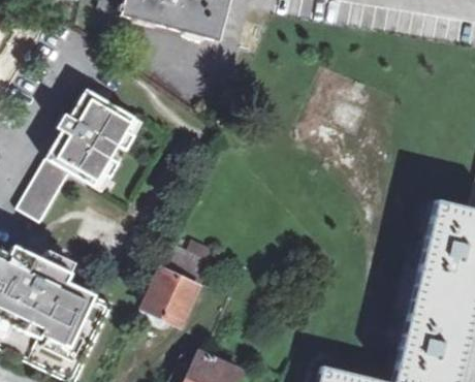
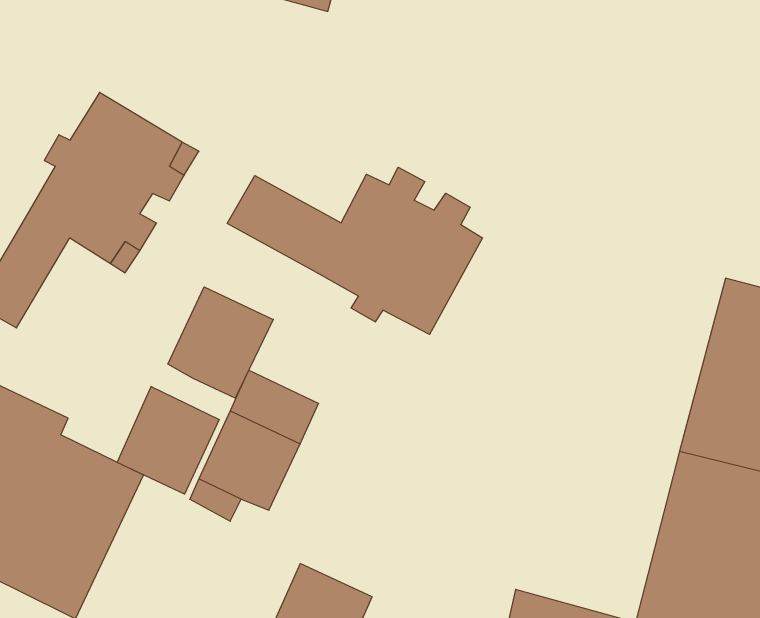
building: none -> [227,167,483,334]
building: none -> [168,287,273,398]
building: none -> [117,386,219,494]

